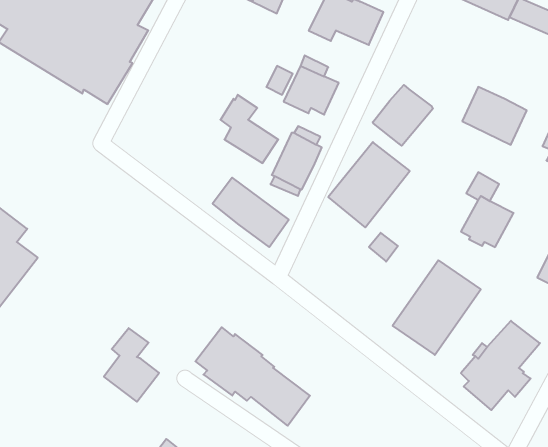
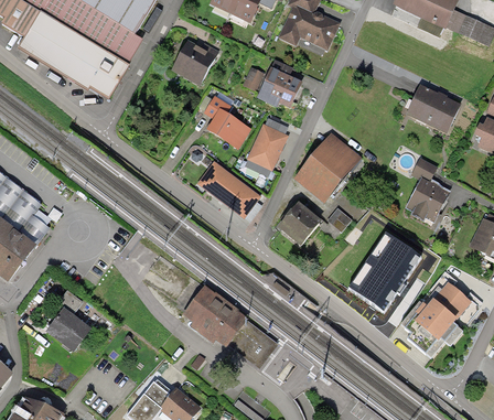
building: none -> [171,36,218,86]
building: [373,85,433,146] -> none
building: none -> [277,200,322,245]
building: [104,328,159,402] -> [45,291,92,353]

